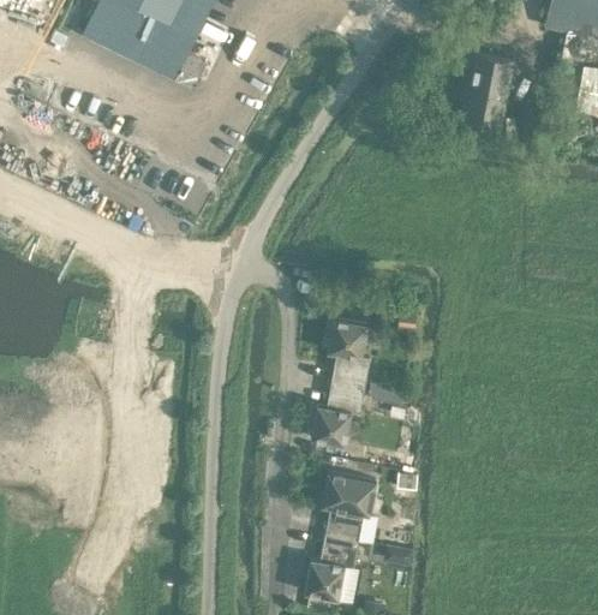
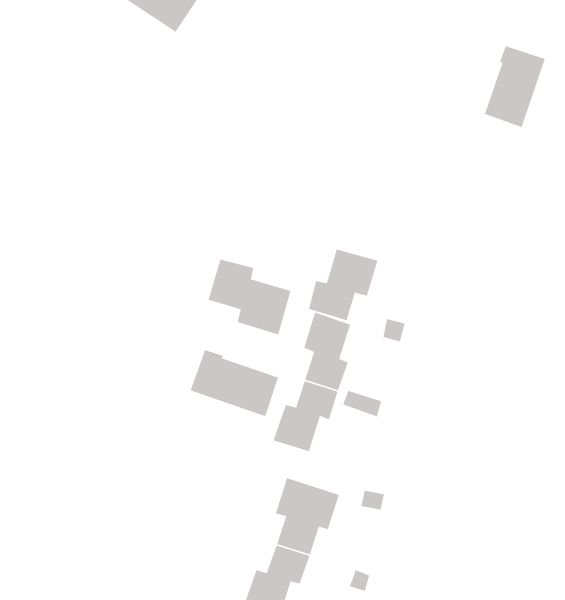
building: none -> [308,248,379,321]
building: none -> [208,259,291,336]
building: none -> [190,349,280,417]

